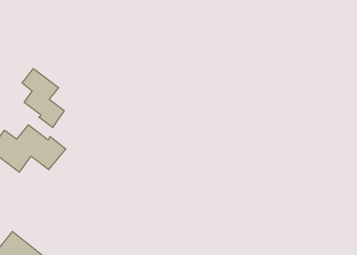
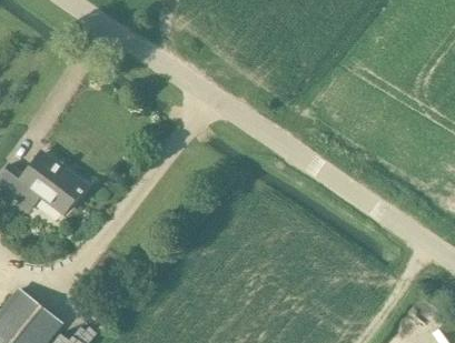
building: [22,69,64,127] -> none

